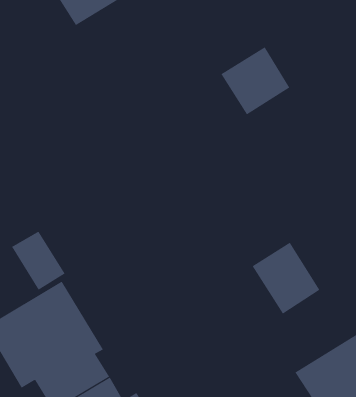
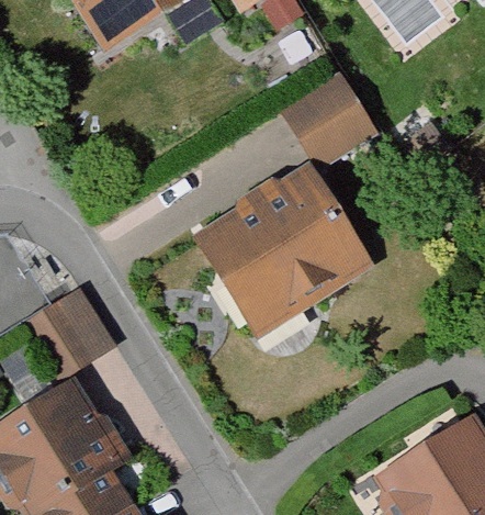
building: none -> [192,172,361,336]
building: [252,242,320,315] -> none

